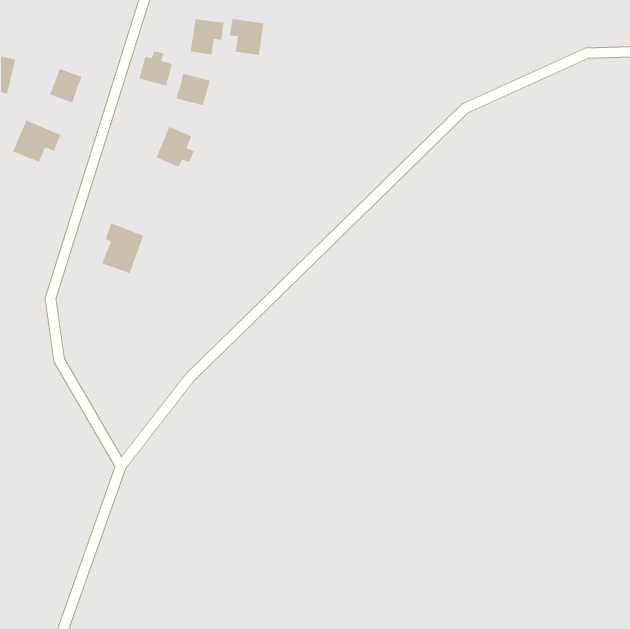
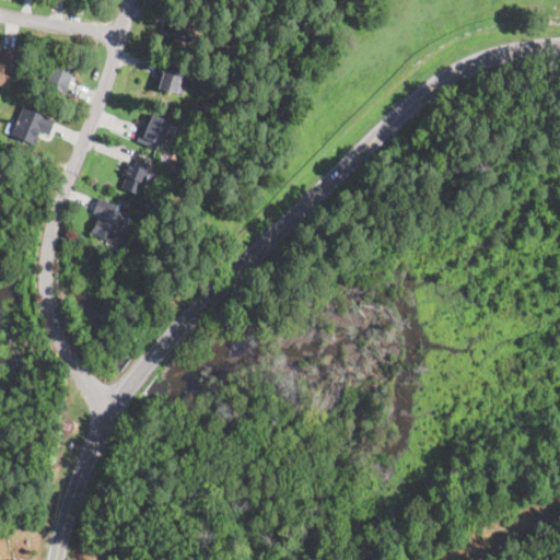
building: [229,18,264,56] -> none
building: [138,50,173,86] -> none
building: none -> [121,159,154,196]

